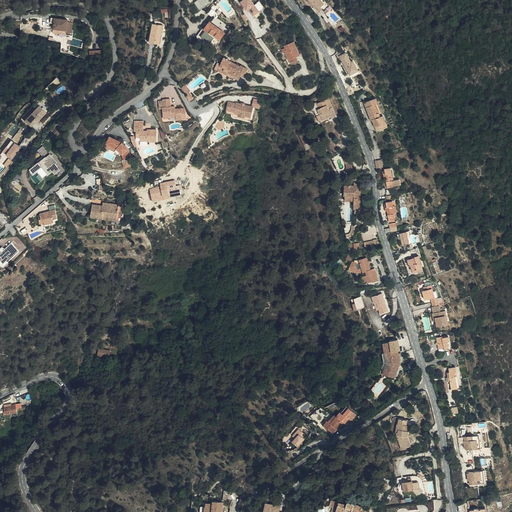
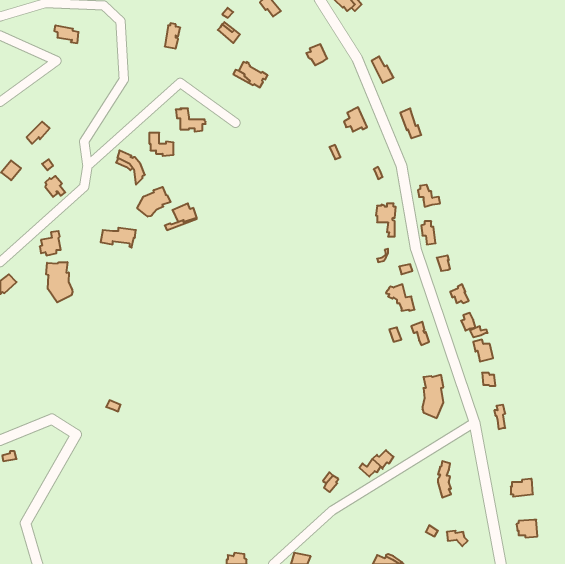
building: [225,101,254,119] -> none
building: none -> [137,187,171,217]
building: none -> [46,262,72,302]

